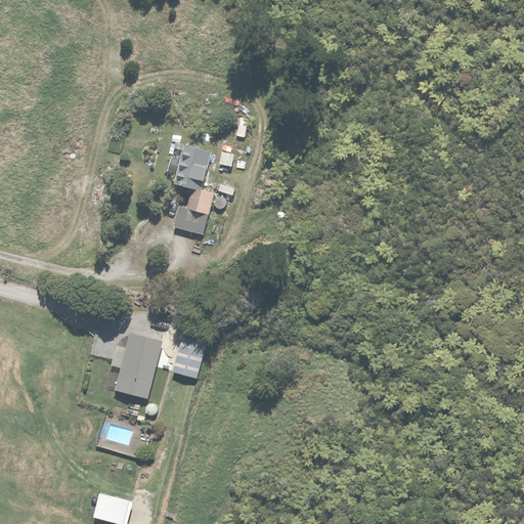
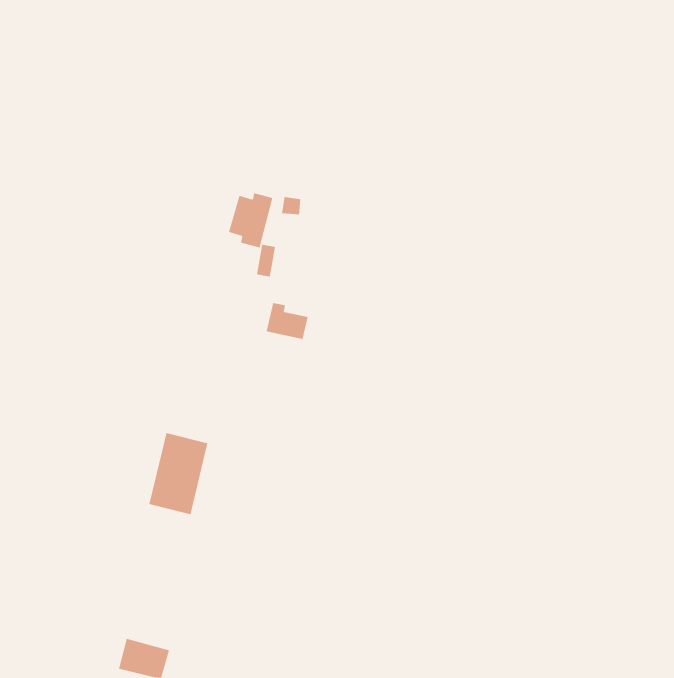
building: [172,205,205,233] -> [266,302,308,340]
building: [172,335,207,379] -> none

